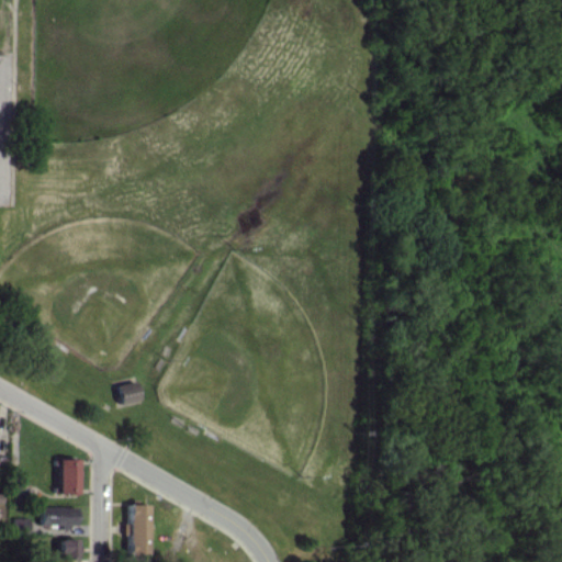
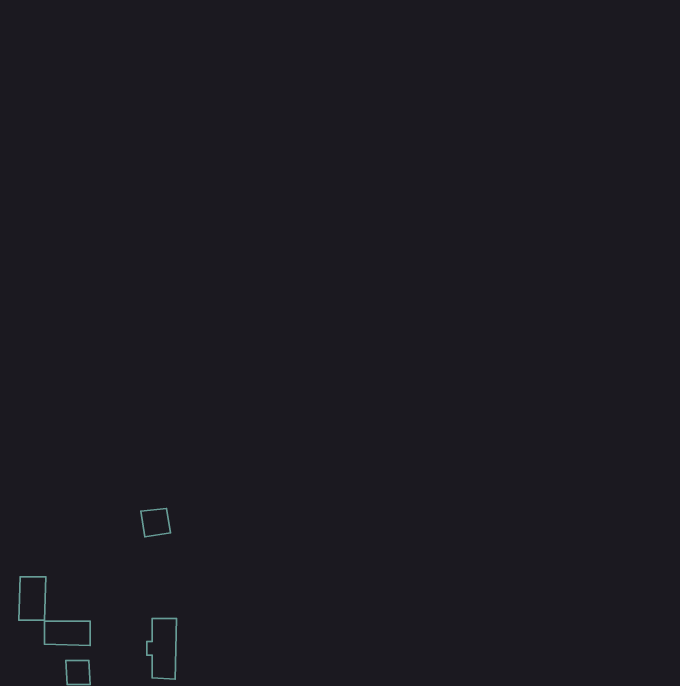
building: [120,383,144,406] -> [141,509,171,537]
building: [59,460,81,495] -> [19,577,46,620]

